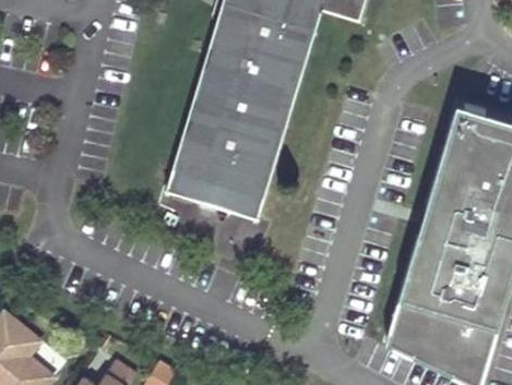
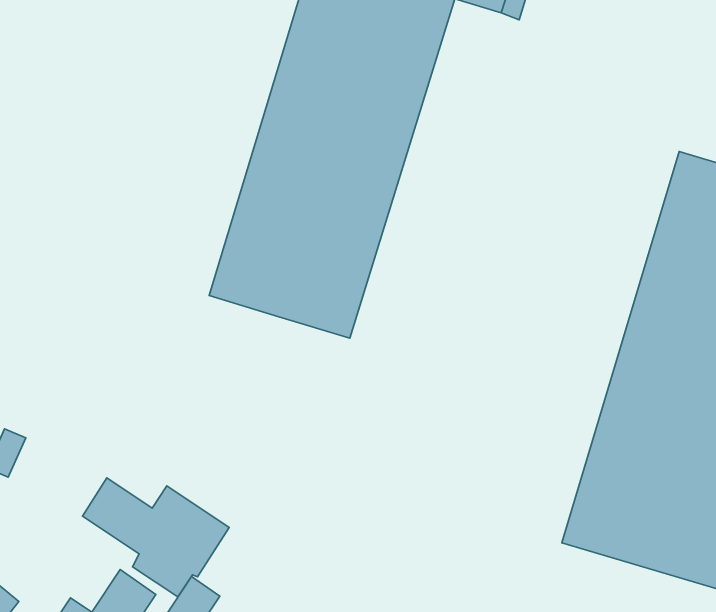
building: none -> [83,478,229,597]

